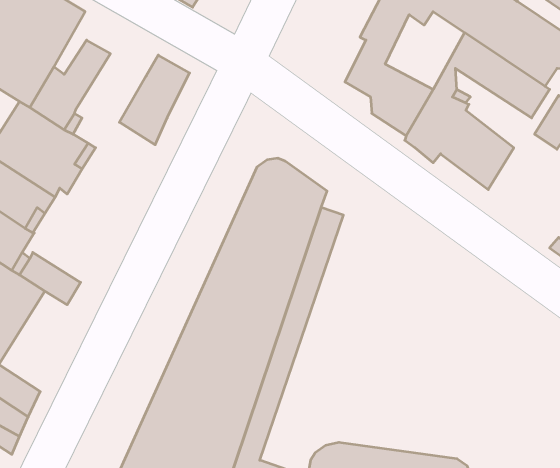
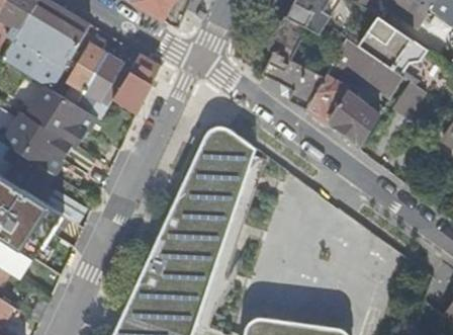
building: none -> [83,53,130,105]

